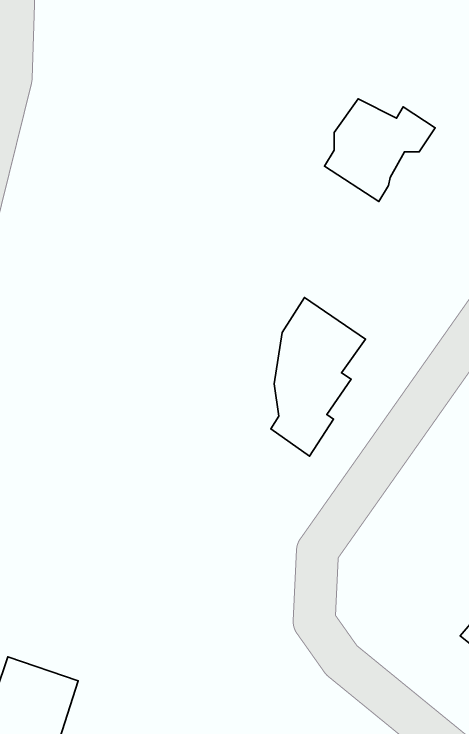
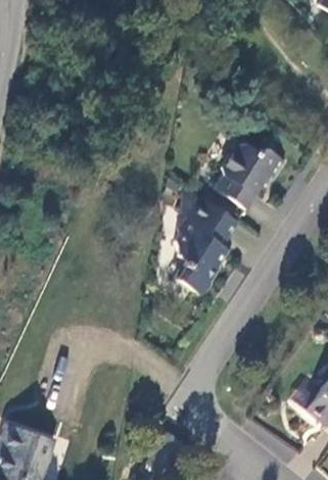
building: [324,99,435,202] -> [218,140,288,205]

